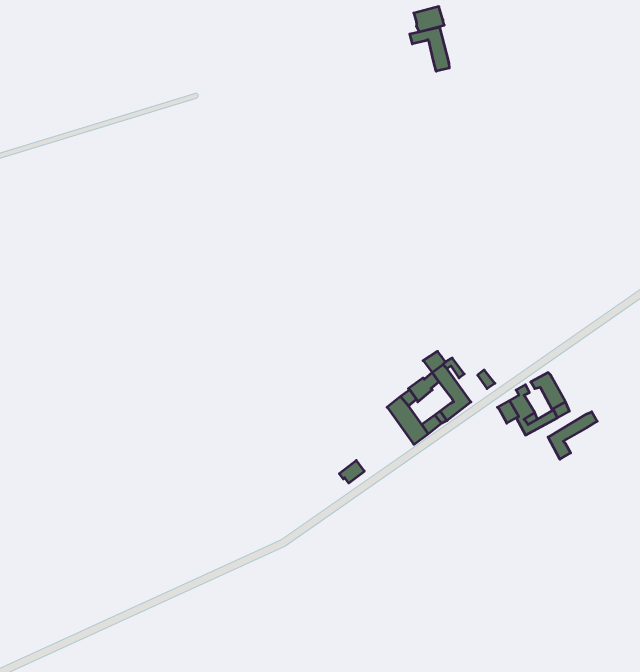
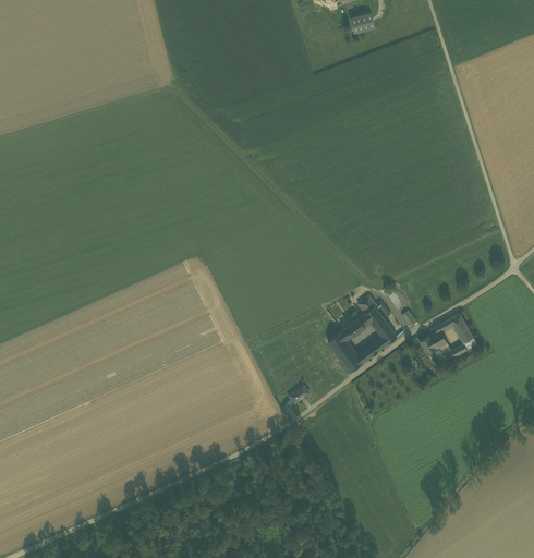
building: [410,27,449,71] -> none
building: [548,412,597,459] -> none

